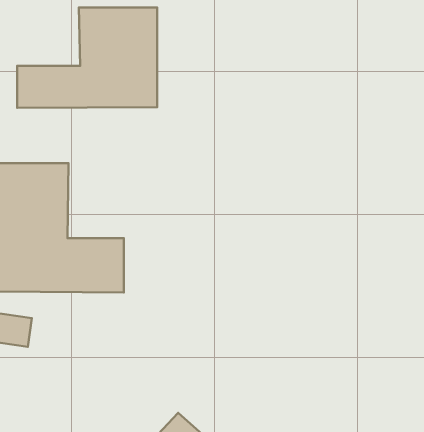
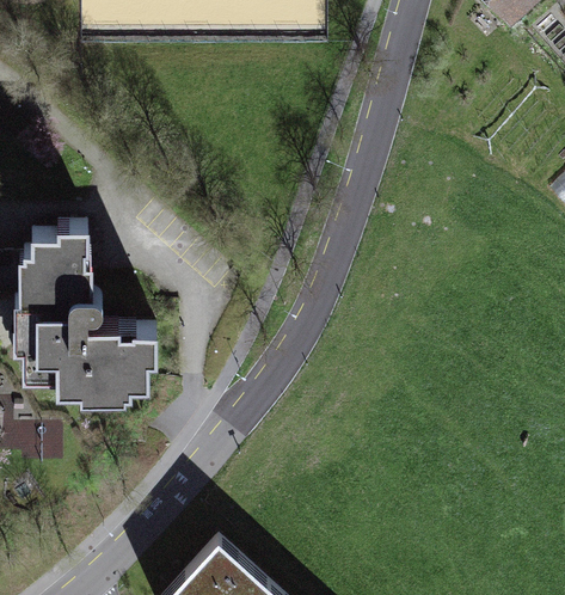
building: [17,7,157,108] -> none

